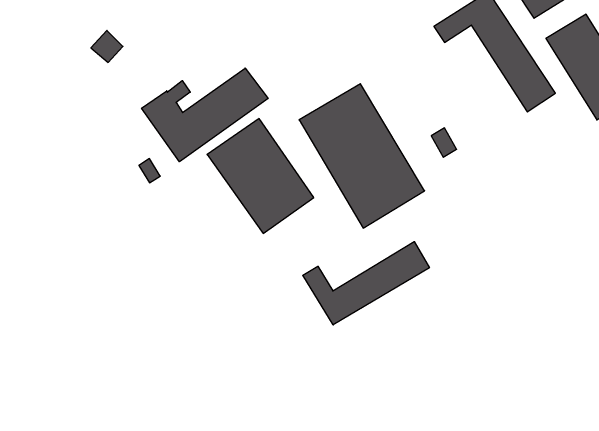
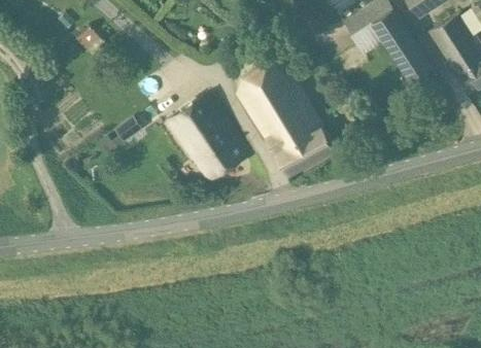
building: [142,68,268,162] -> none
building: [303,242,429,325] -> none

